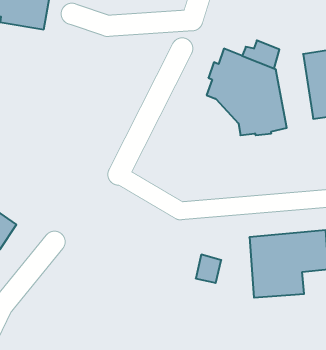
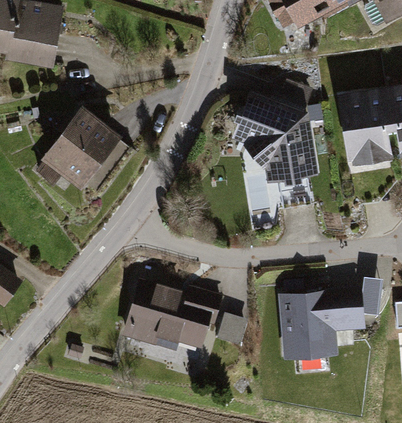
building: none -> [34,106,130,194]
building: none -> [122,278,223,350]

